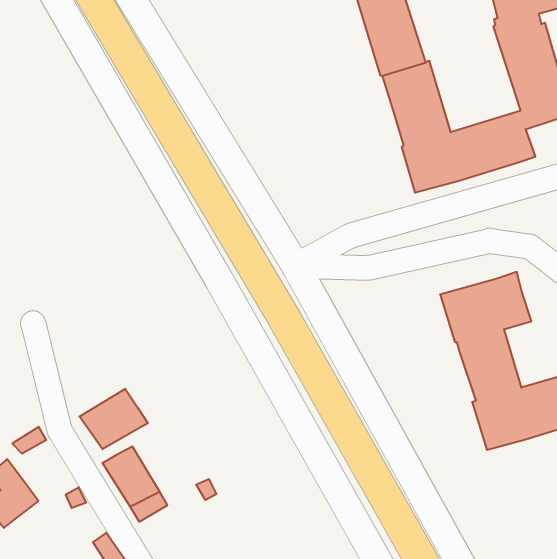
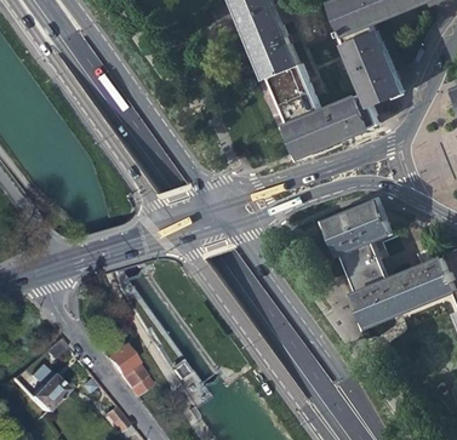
building: [79,389,148,449] -> none

